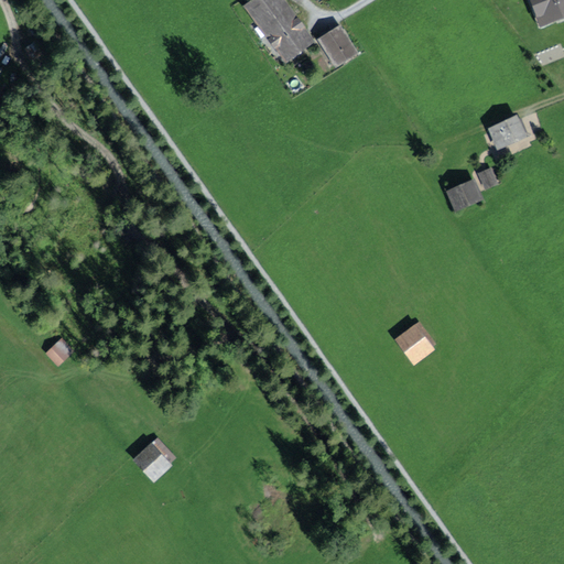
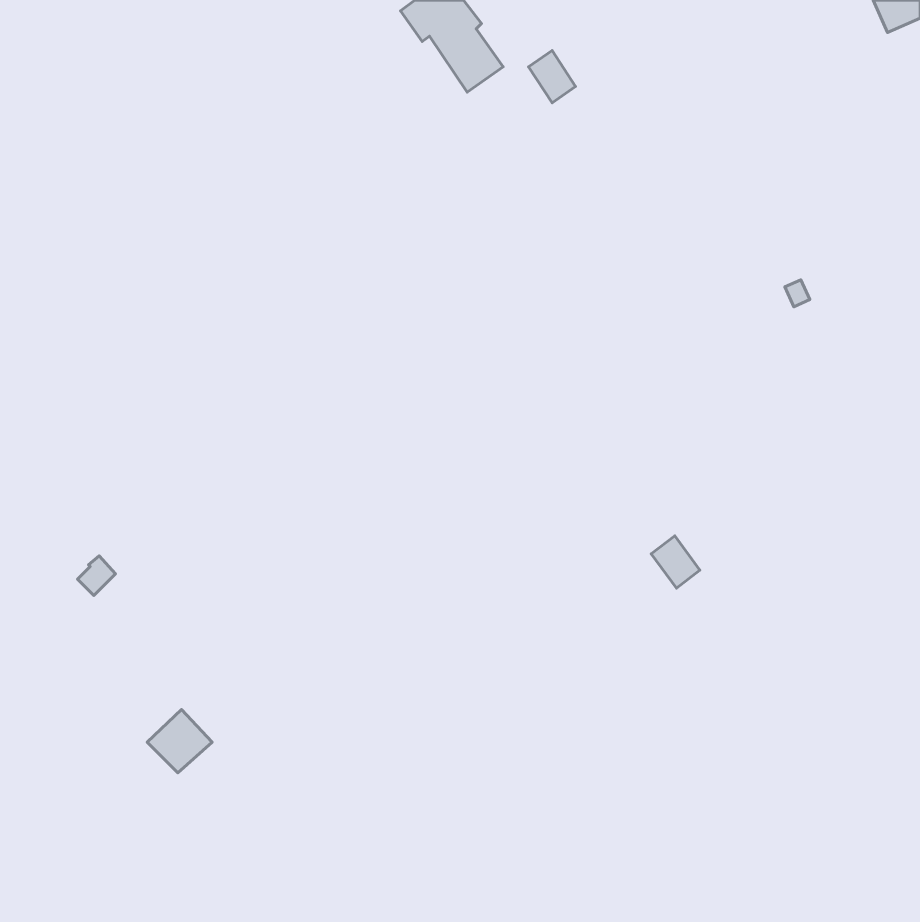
building: [491,119,524,145] -> none
building: [448,183,479,208] -> none
building: [134,438,174,477] -> [147,710,212,773]

